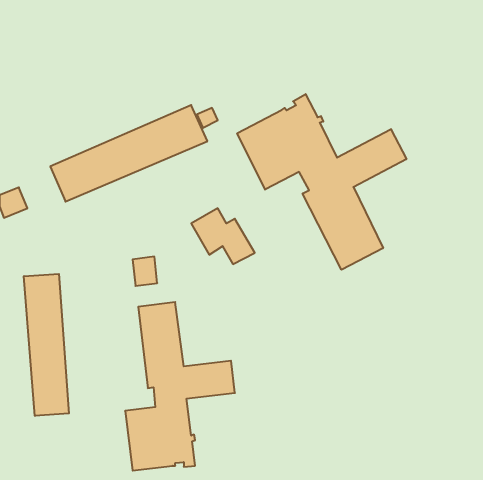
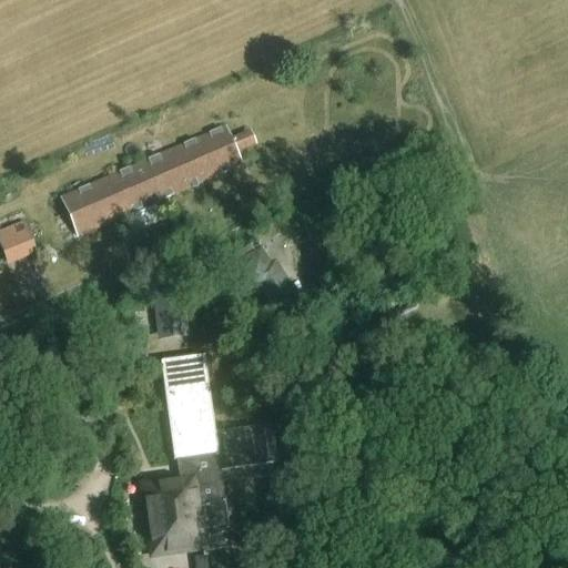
building: [237,94,406,270] -> none
building: [24,274,69,416] -> none

